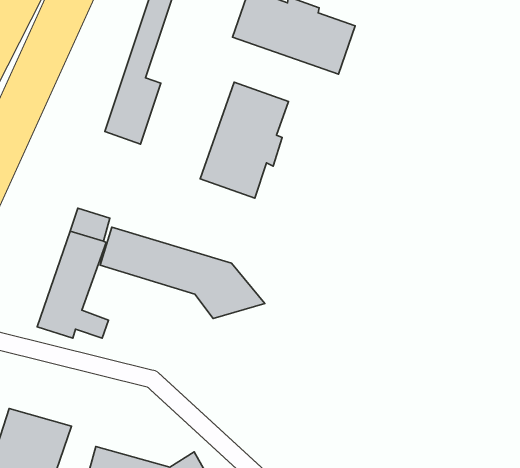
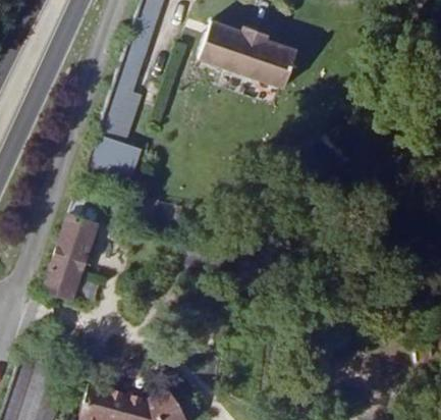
building: [200,82,289,198] -> none
building: none -> [85,135,144,189]
building: [100,227,265,318] -> none

